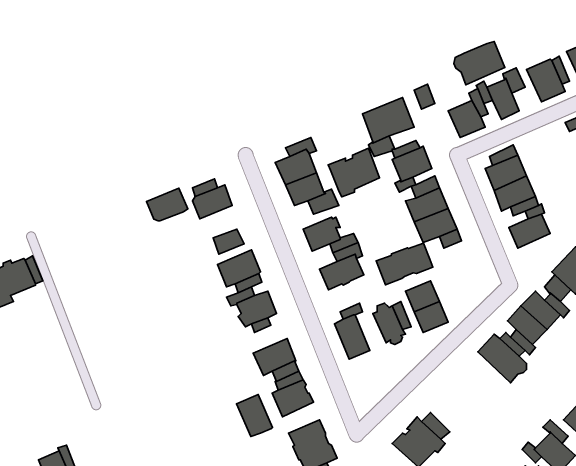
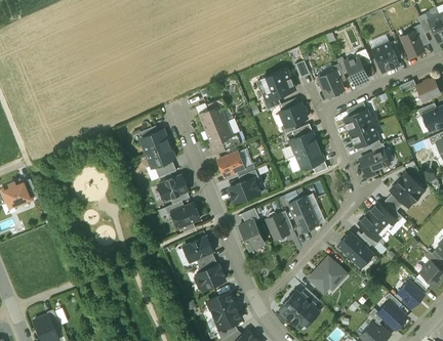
building: [454,42,505,85] -> none
building: [328,148,380,197] -> none
building: [146,188,188,221] -> [146,144,174,167]
building: [376,243,433,285] -> none
building: none -> [308,257,347,293]
building: [237,395,273,437] -> none

